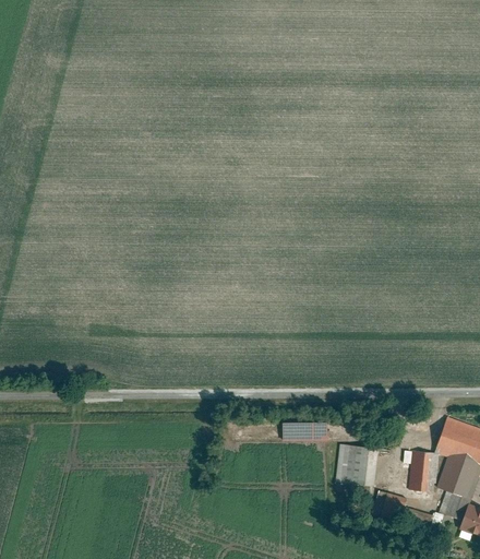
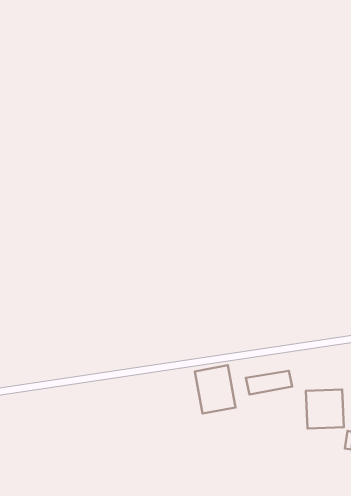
building: none -> [195,365,235,413]

